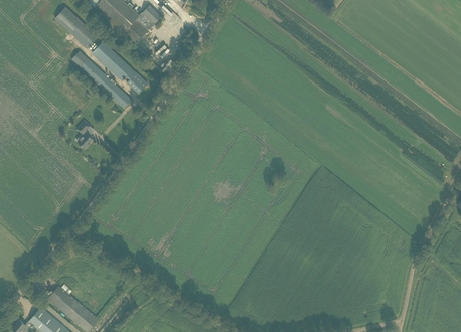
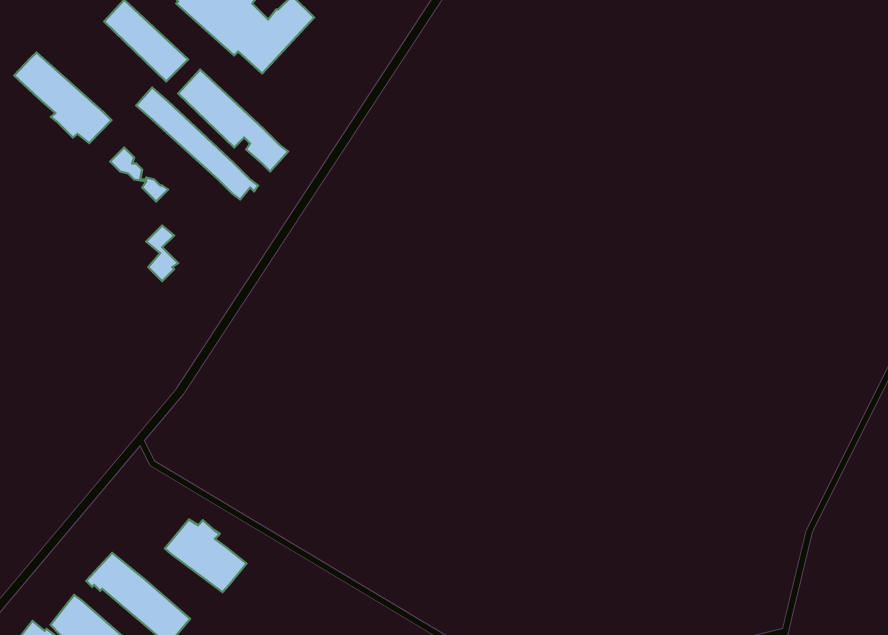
building: none -> [14,53,111,143]
building: none -> [165,519,247,592]

